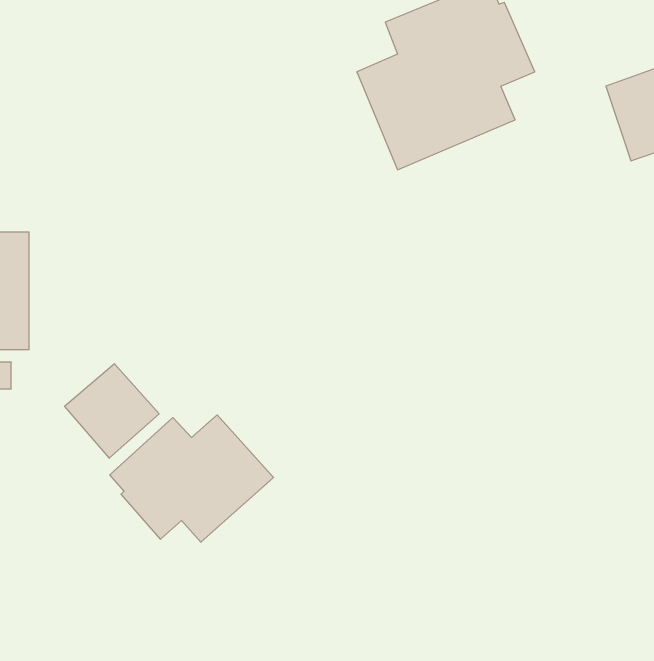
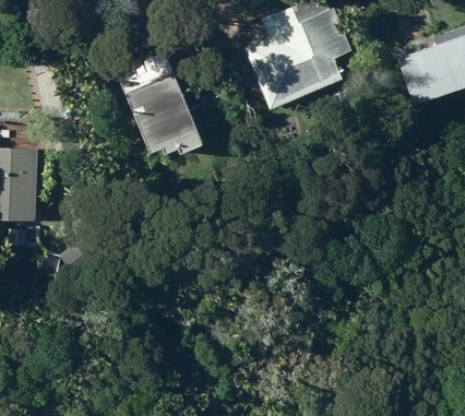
building: none -> [129,75,210,159]
building: [110,415,274,542] -> none

